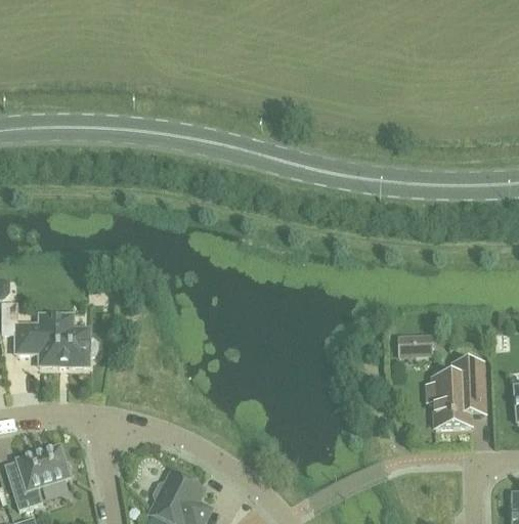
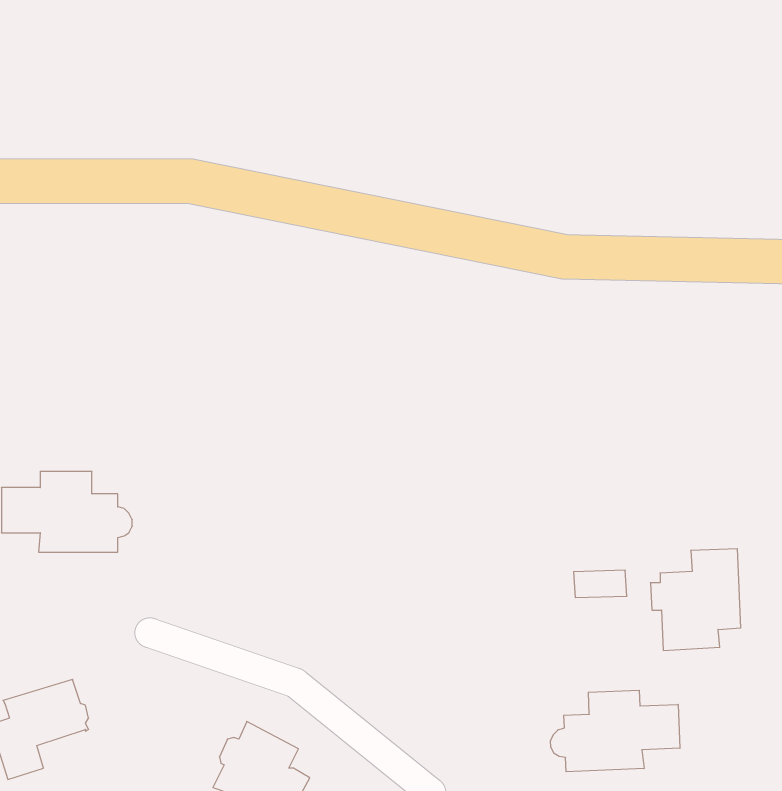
building: [397,337,431,354] -> [574,570,627,598]
building: none -> [551,690,680,772]

